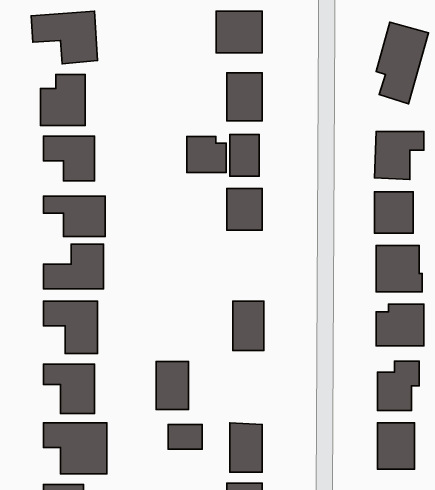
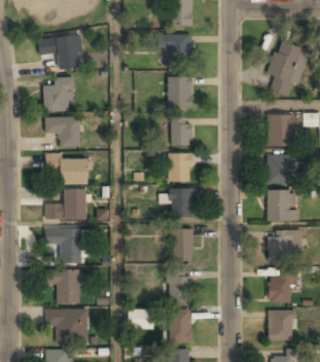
building: [187,137,226,172] -> none
building: none -> [168,188,194,217]
building: [156,362,189,409] -> [168,270,189,302]

